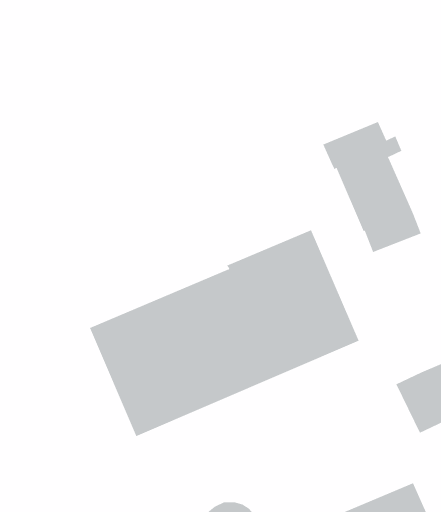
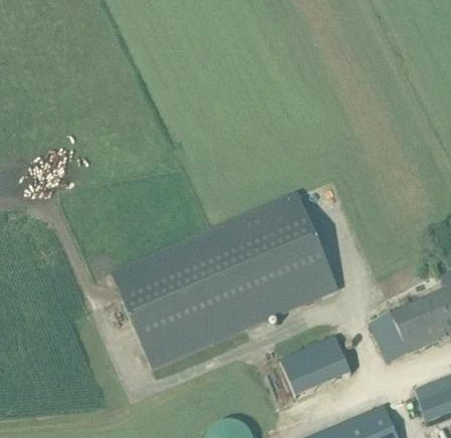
building: [322,121,421,253] -> none
building: none -> [280,336,352,398]

